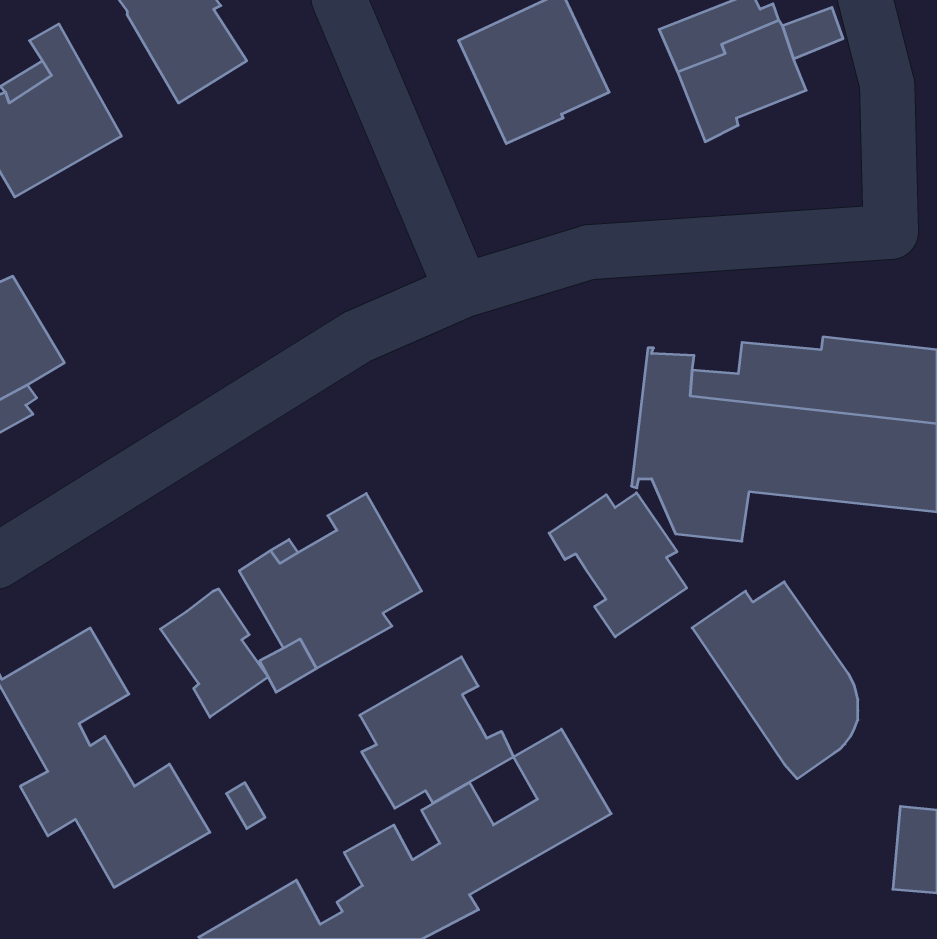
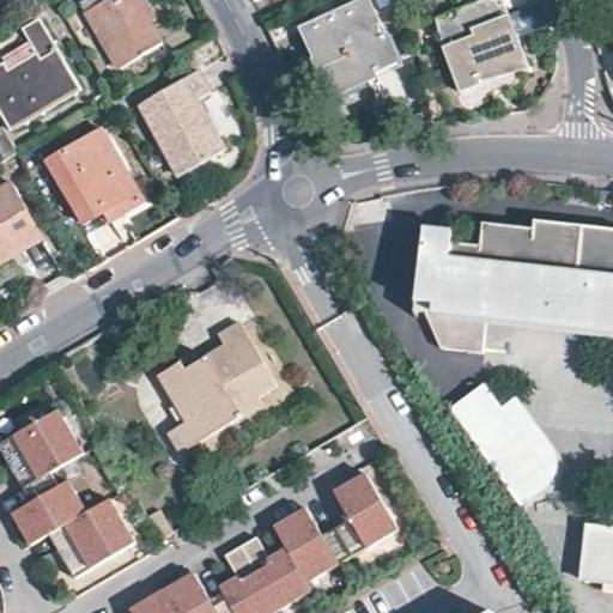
building: none -> [136,68,224,175]
building: none -> [44,126,142,224]
building: [549,493,687,637] -> none
building: [160,589,268,717] -> none
building: [360,657,514,808] -> none

